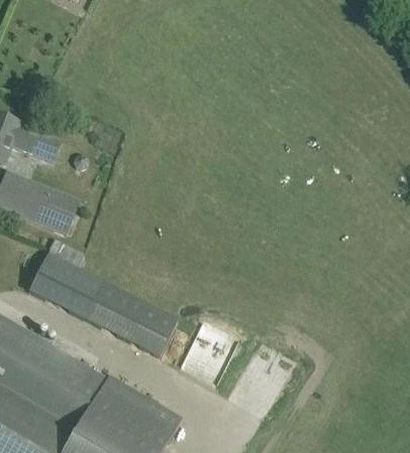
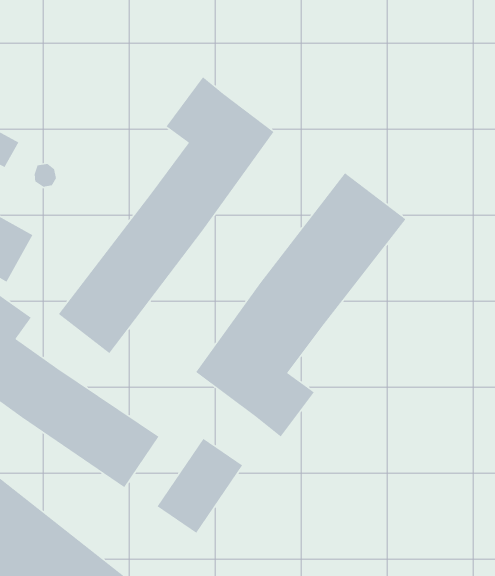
building: none -> [58,76,275,354]
building: none -> [195,172,407,438]

